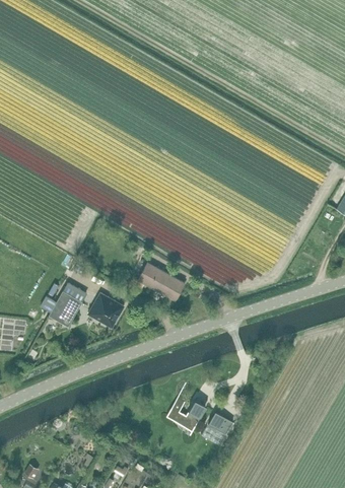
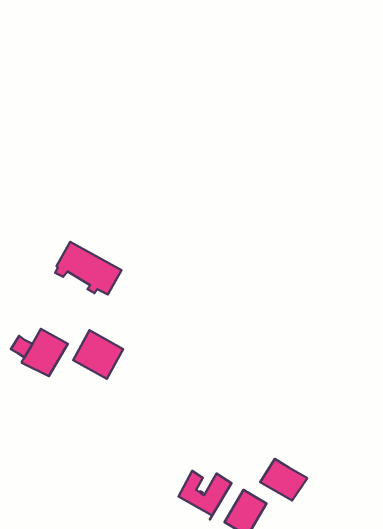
building: [136,262,186,301] -> [55,242,121,294]
building: none -> [260,459,307,501]

